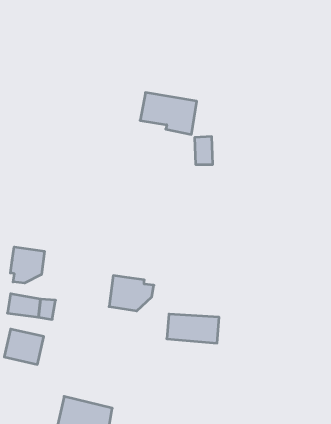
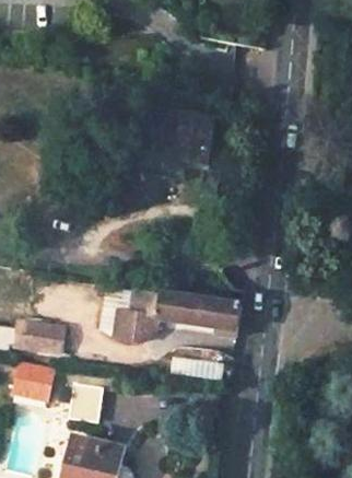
building: [10,247,44,283] -> none
building: none -> [129,288,239,331]
building: none -> [67,382,102,421]

